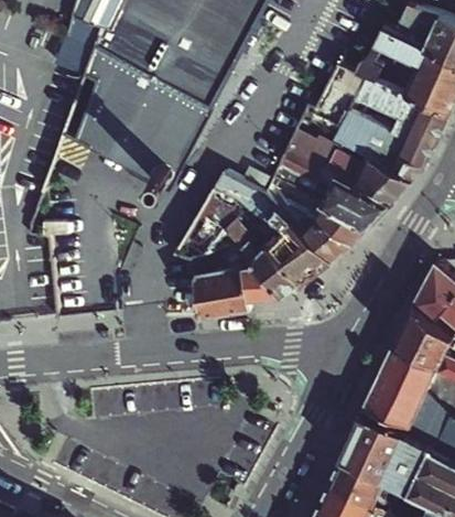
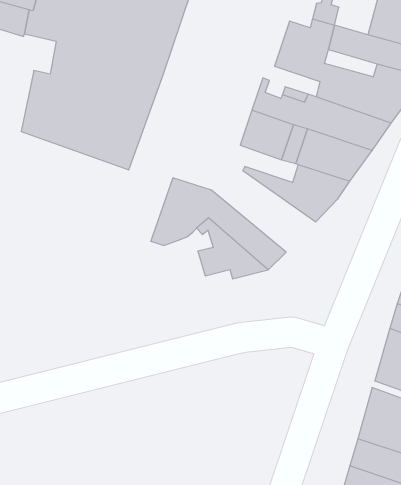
building: [84,46,122,86] -> none
building: [208,170,331,279] -> none
building: [191,252,250,315] -> none

